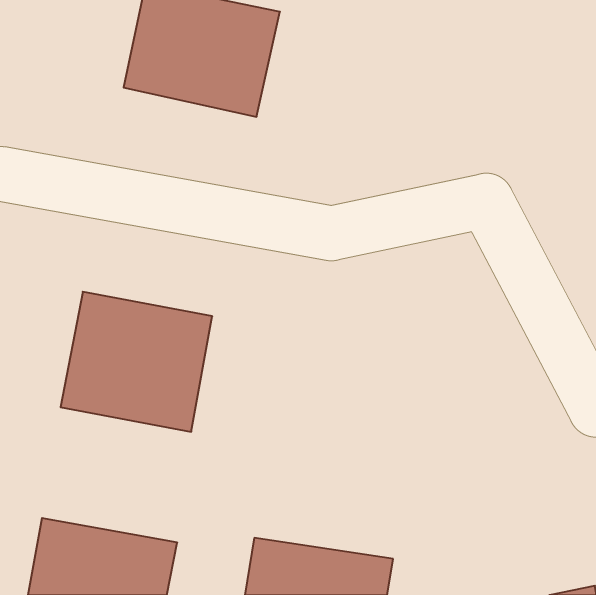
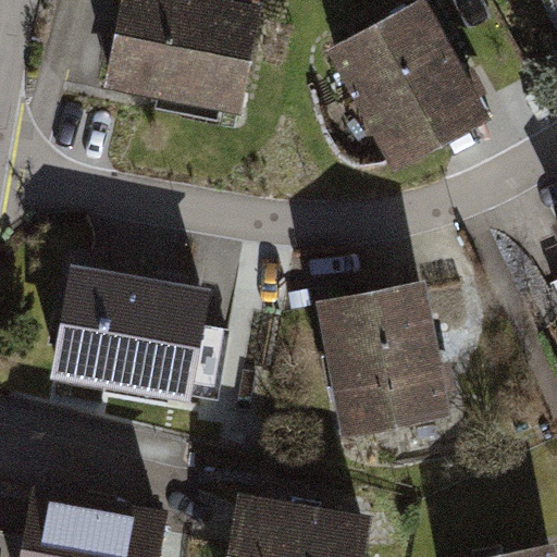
building: none -> [331,9,473,157]
building: none -> [318,284,444,432]

